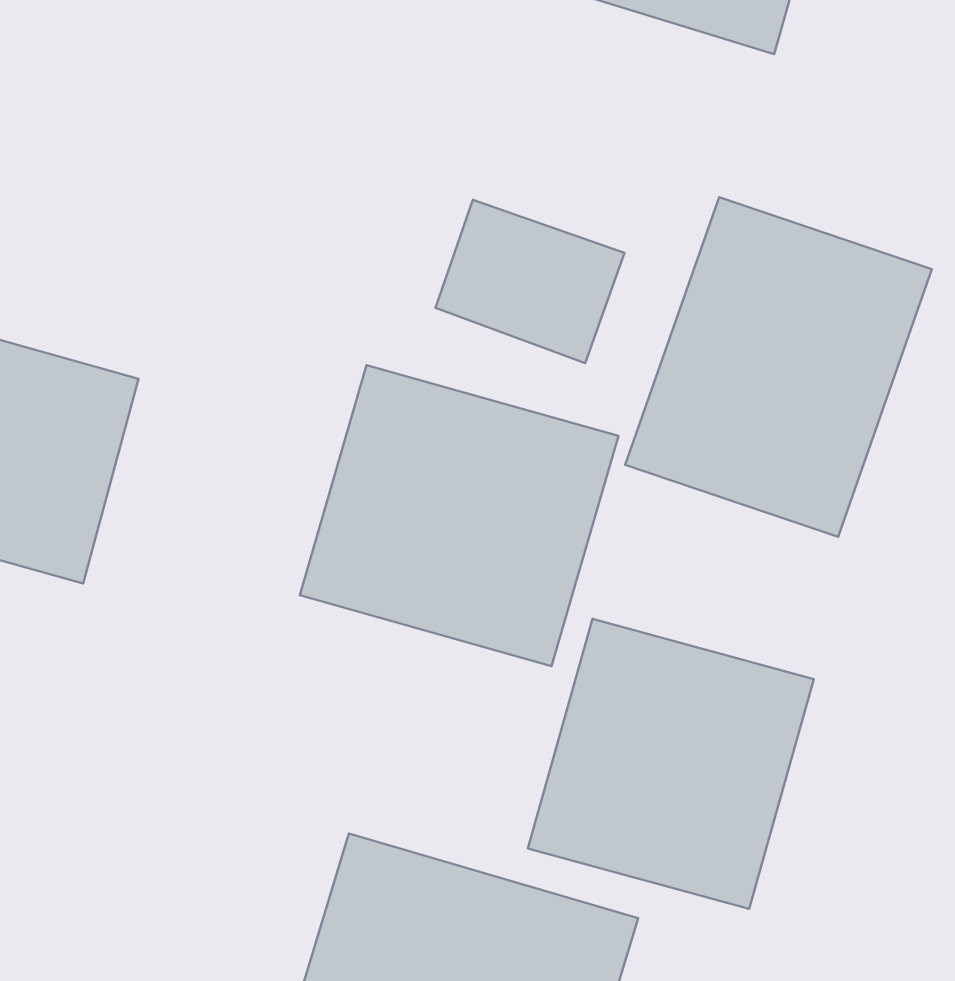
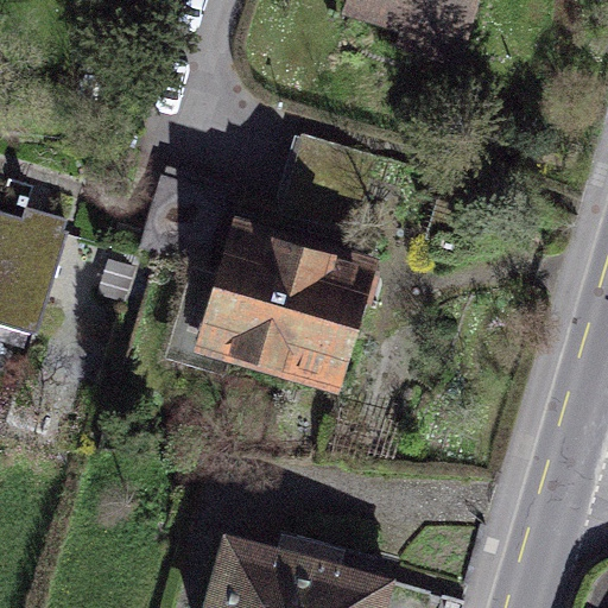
building: [625,197,932,537] -> none
building: [528,619,814,909] -> none

